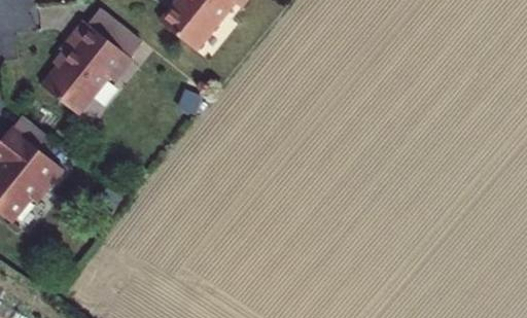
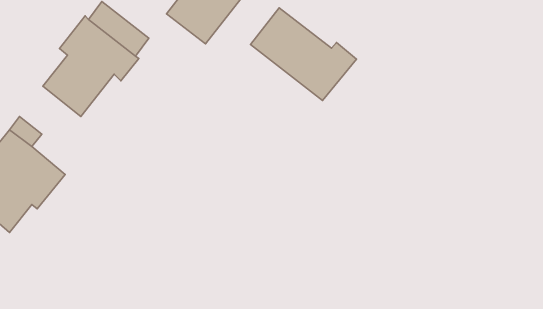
building: none -> [250,8,357,101]

